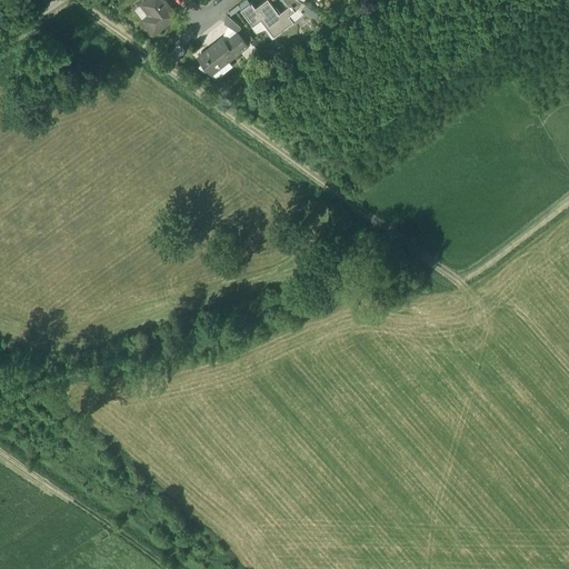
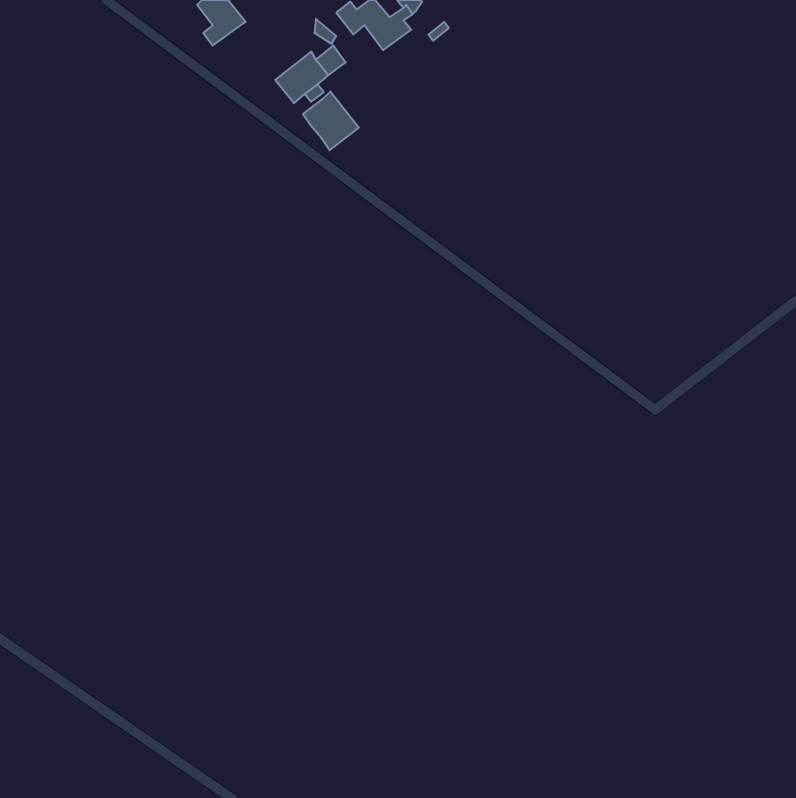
building: none -> [303,91,359,150]

